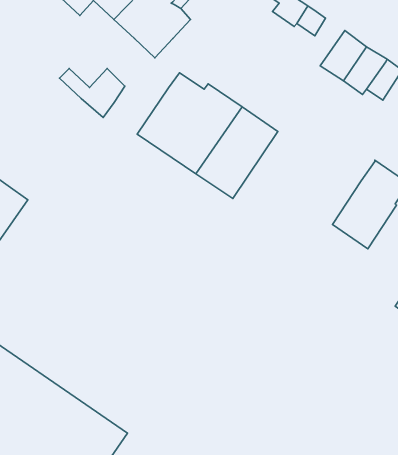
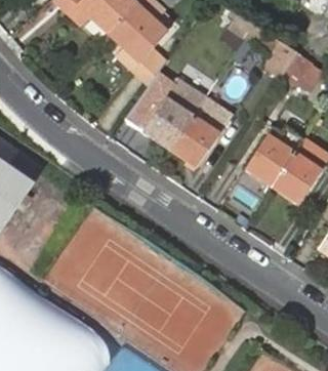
building: [59,68,125,118] -> [116,47,165,84]
building: none -> [245,128,303,187]

